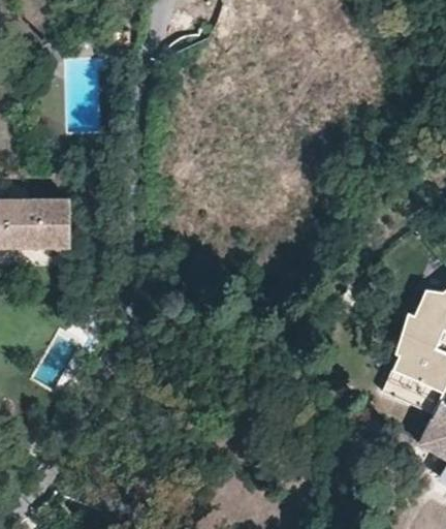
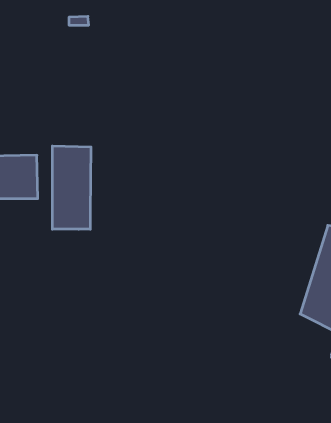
building: none -> [52,146,91,229]

